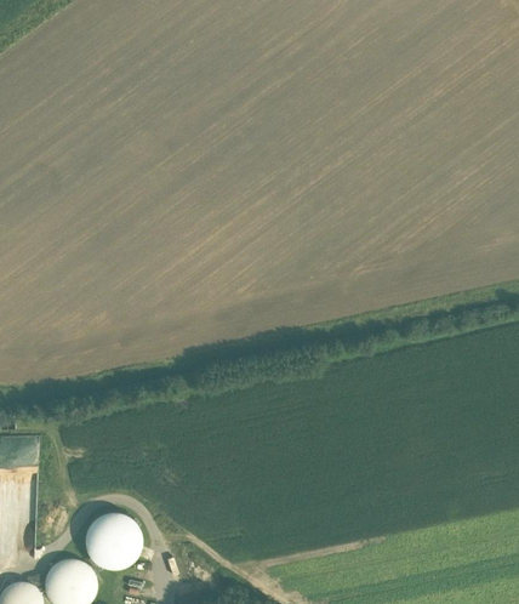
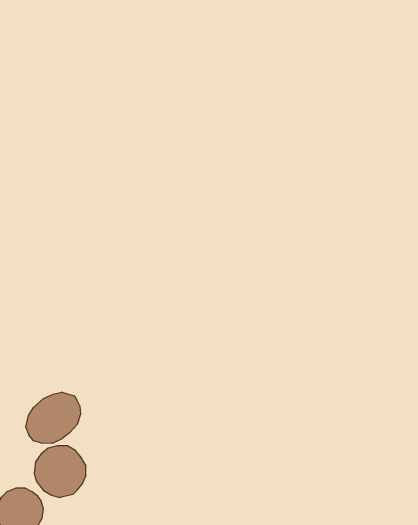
building: none -> [26,392,81,443]

